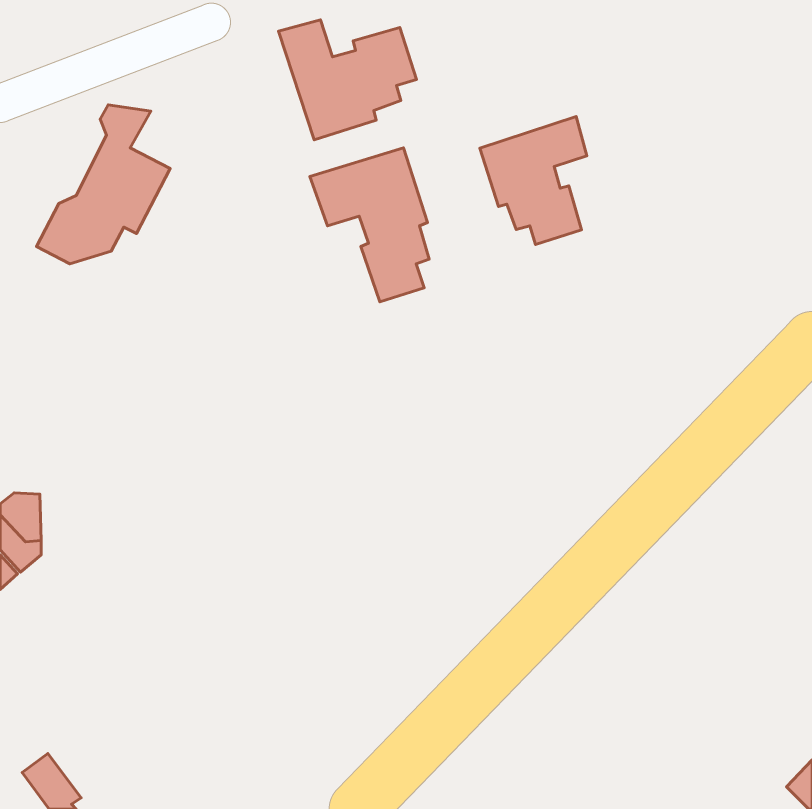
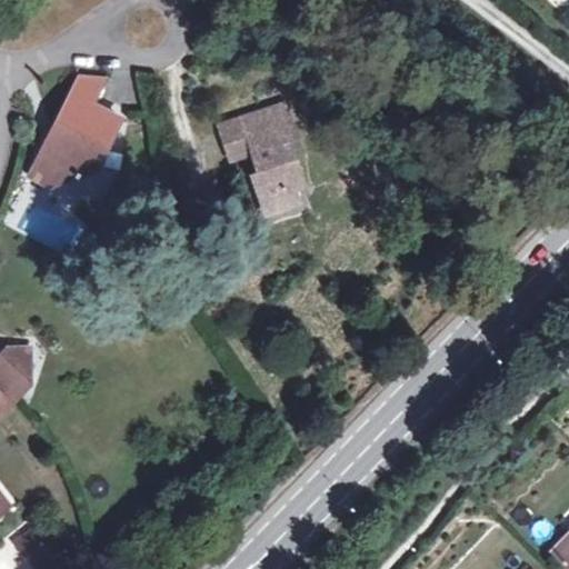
building: [279,20,416,140] -> none
building: [480,116,587,245] -> none

